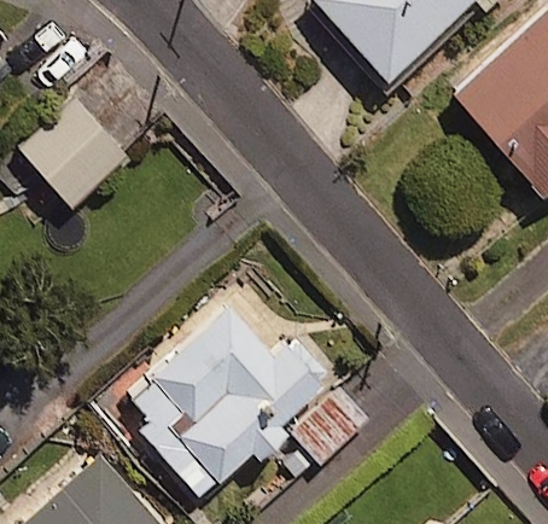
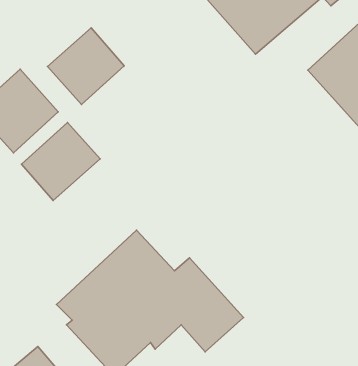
building: none -> [47,28,124,104]
building: none -> [22,122,100,200]

